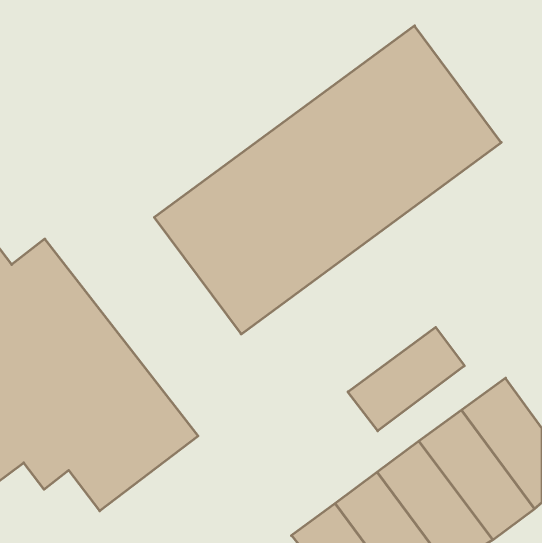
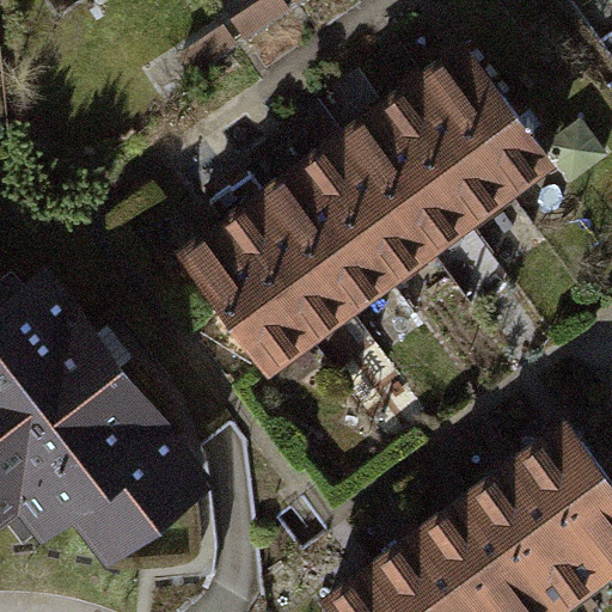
building: [348,327,464,431] -> none

